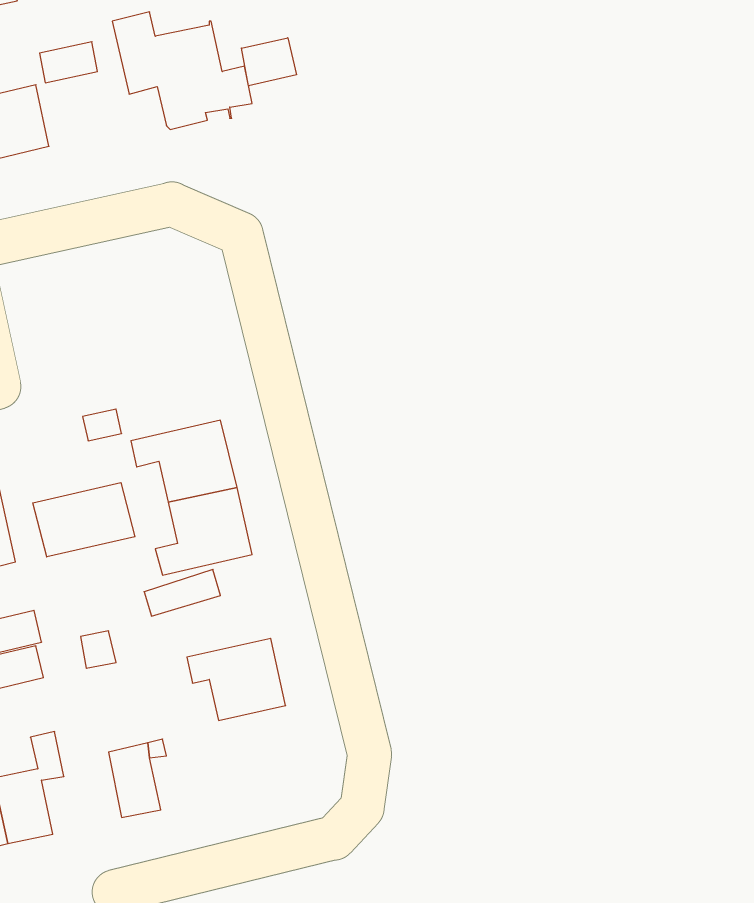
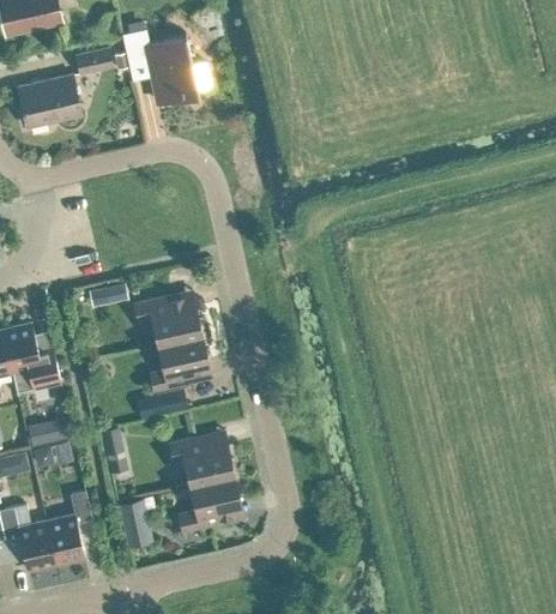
building: [241,38,296,86] -> none
building: [33,483,135,557] -> none
building: none -> [176,475,242,531]

